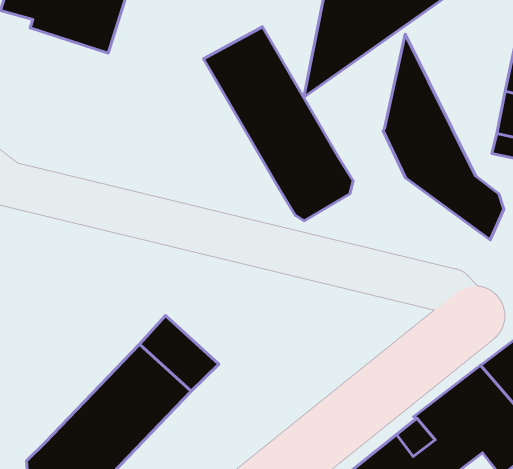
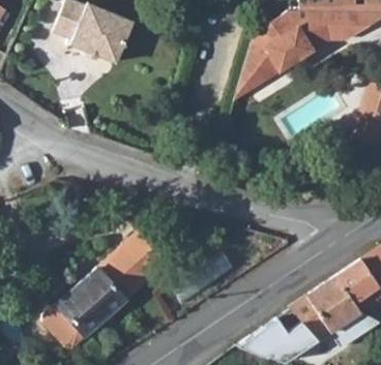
building: [203,27,353,221] -> none
building: [383,34,504,240] -> none

